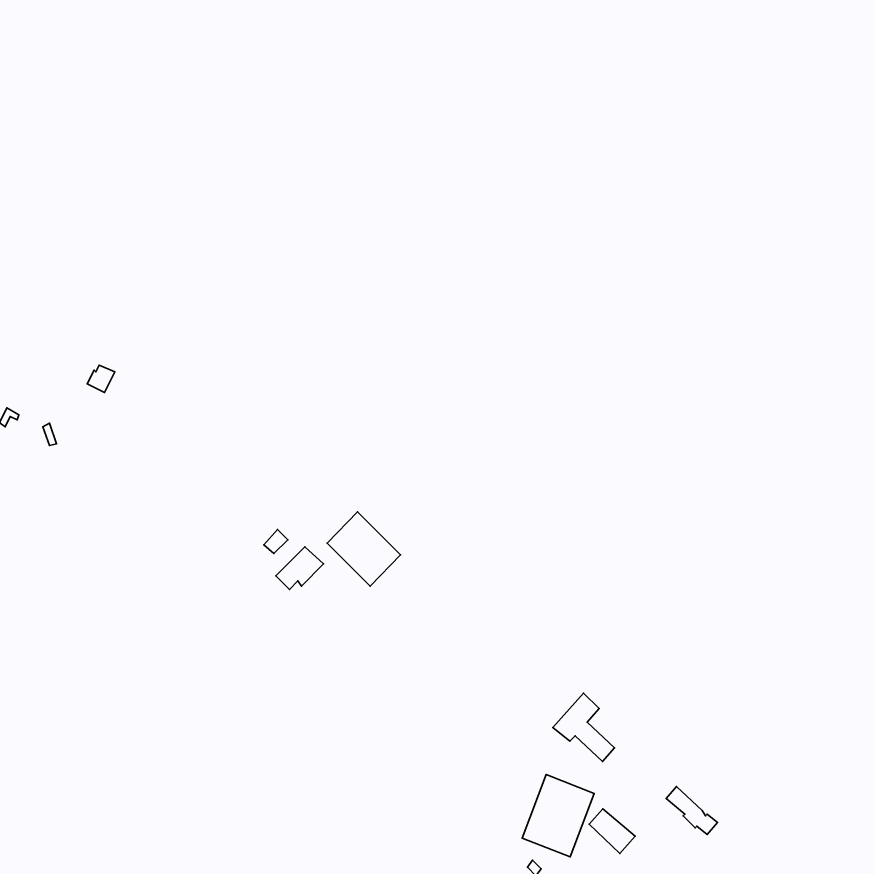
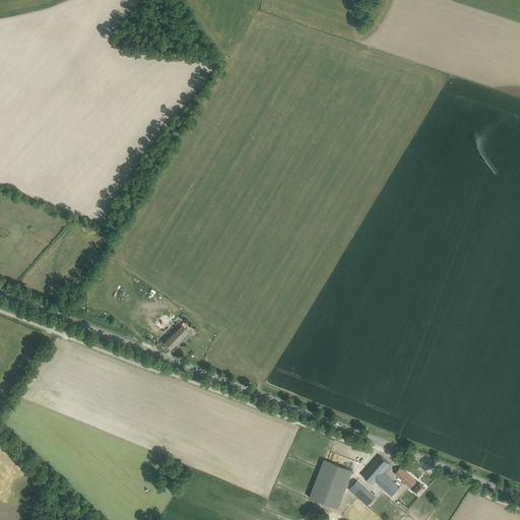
building: [327,512,400,586] -> none
building: [553,693,614,762] -> [363,456,399,497]

